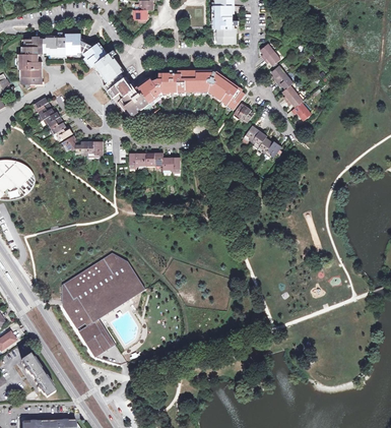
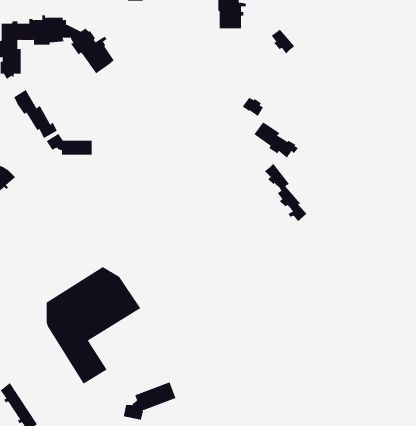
building: [270,65,308,117] -> [264,163,307,222]
building: [105,67,245,116] -> none
building: [129,152,180,170] -> none
building: none -> [123,381,176,421]

